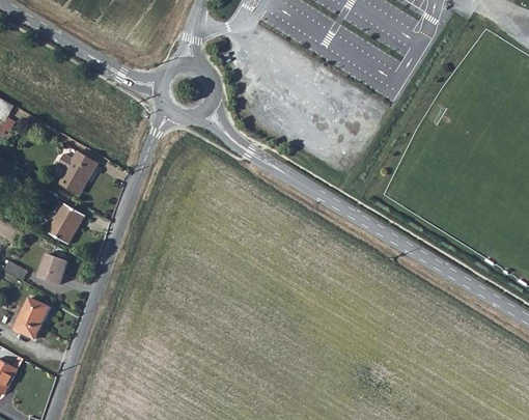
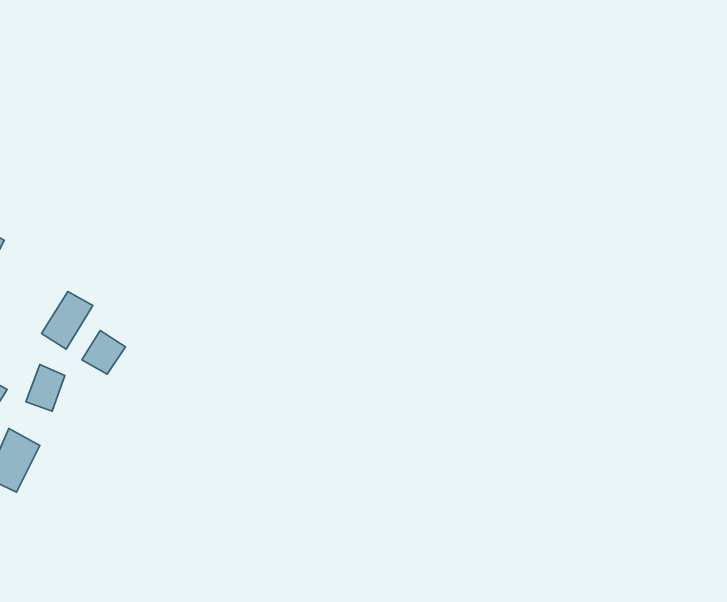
building: [54,148,96,191] -> none
building: none -> [82,331,125,374]

